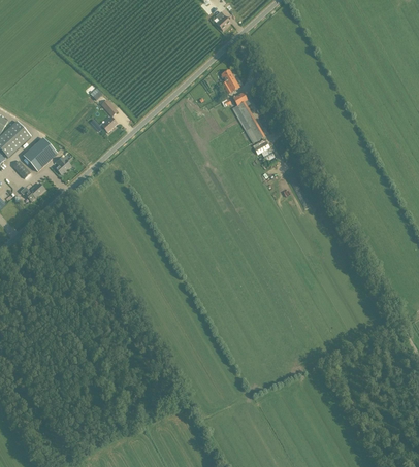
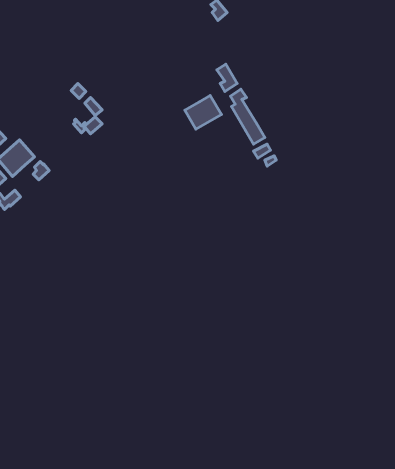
building: none -> [185,96,221,129]

